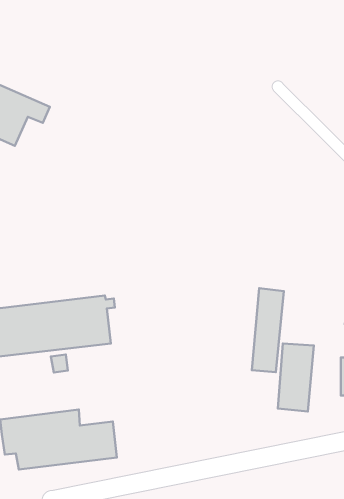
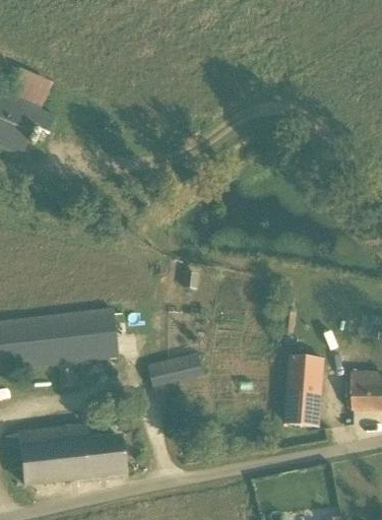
building: [252,288,284,372] -> none
building: none -> [145,352,201,388]

